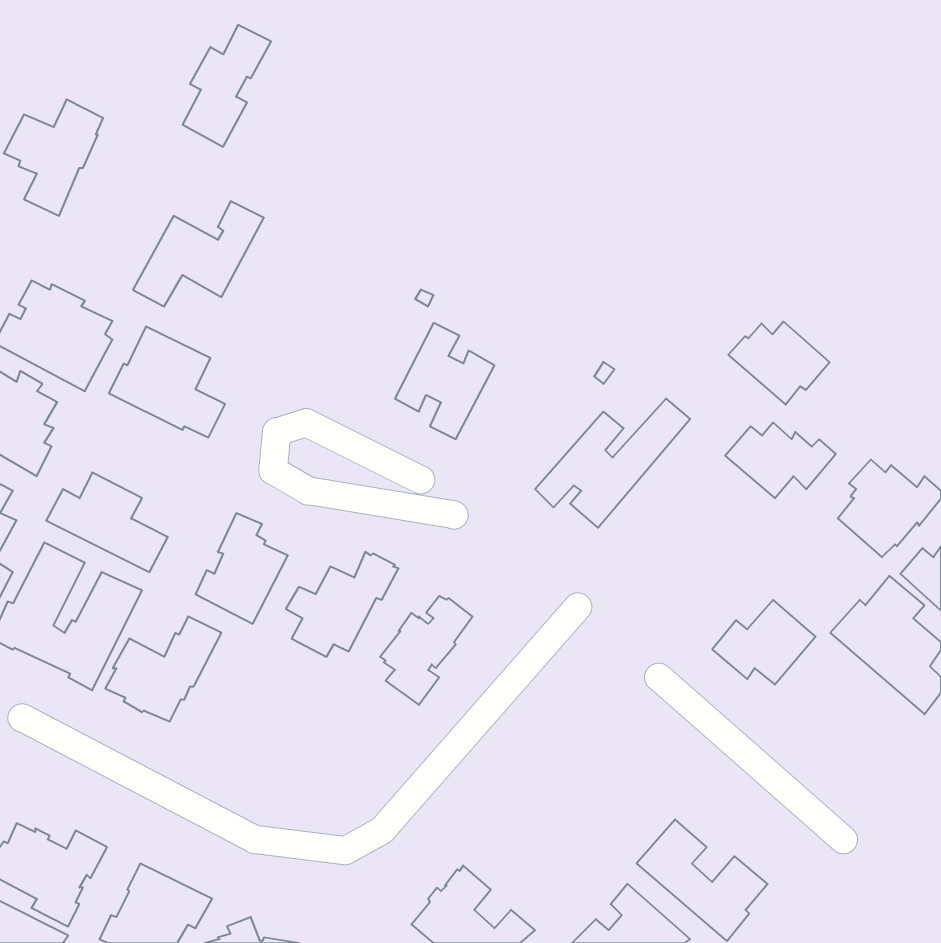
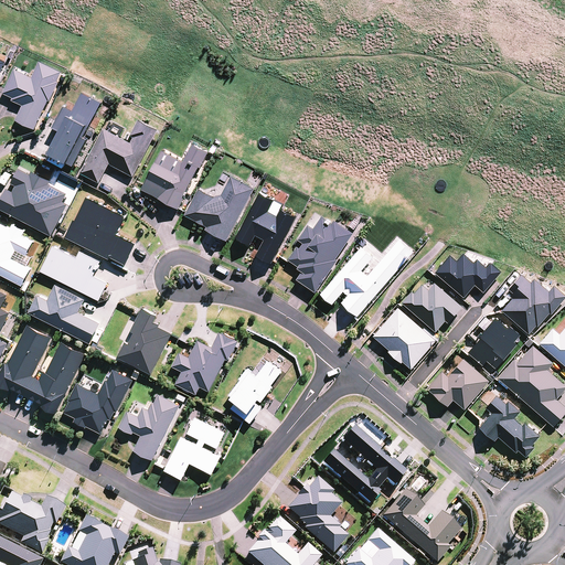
building: [183,25,271,147] -> [49,92,102,164]
building: none -> [141,145,209,210]
building: none -> [184,177,255,242]
building: [728,322,830,405] -> [401,282,461,332]
building: none -> [288,216,354,294]
building: none -> [40,243,108,299]
building: none -> [372,307,435,370]
building: none -> [467,317,520,367]
building: none -> [118,393,180,458]
building: none -> [478,395,539,457]
building: none -> [164,415,225,477]
building: none -> [320,426,405,503]
building: none -> [286,477,347,553]

